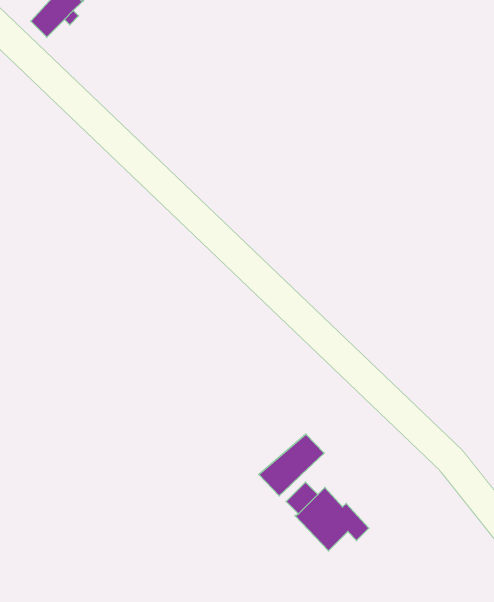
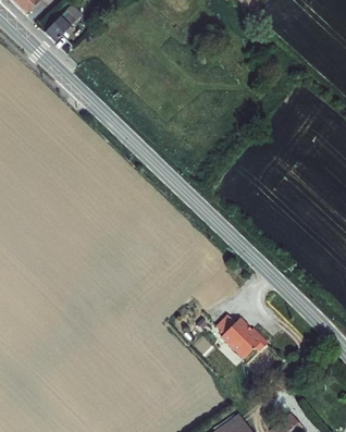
building: [259,434,324,496] -> none

